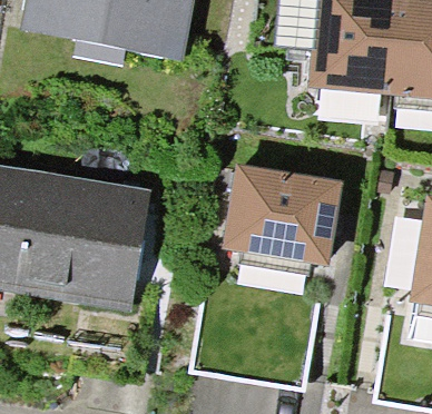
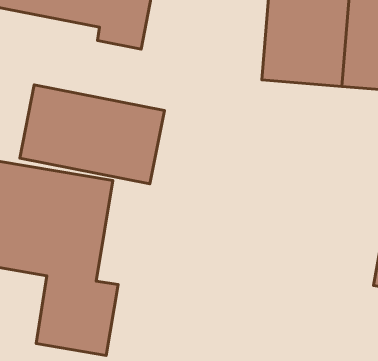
building: none -> [20,85,164,184]
building: [212,166,340,276] -> none

